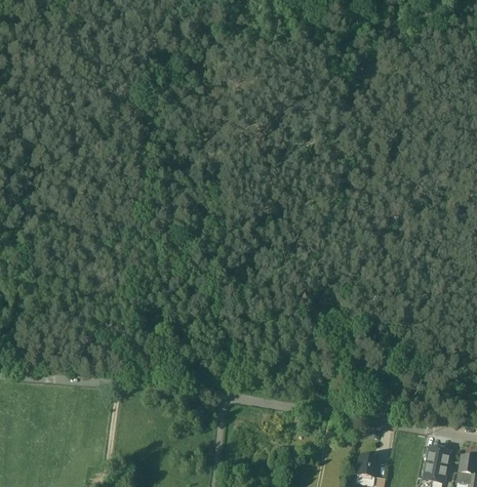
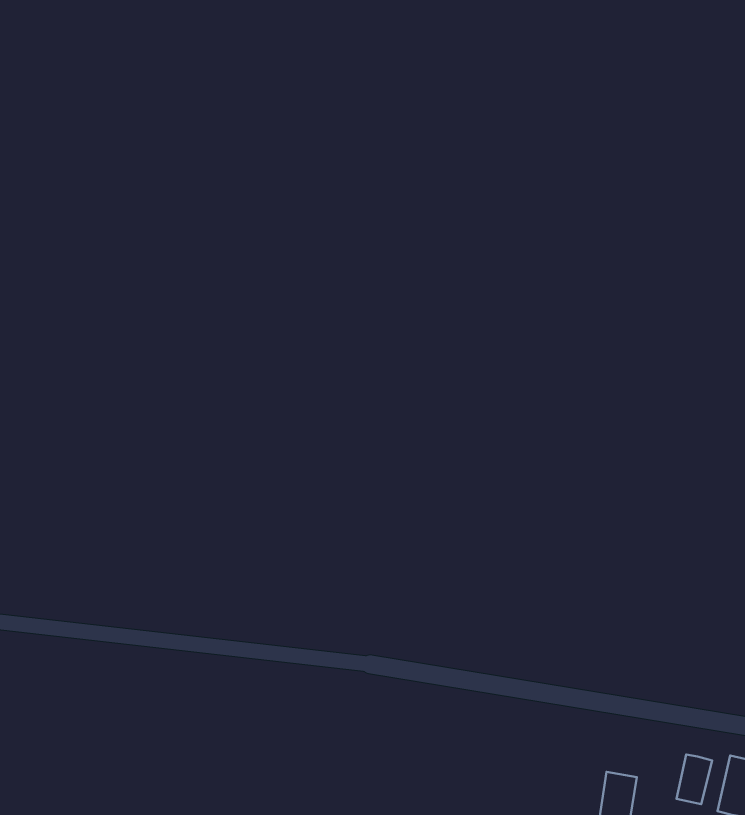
building: none -> [677,754,712,804]

